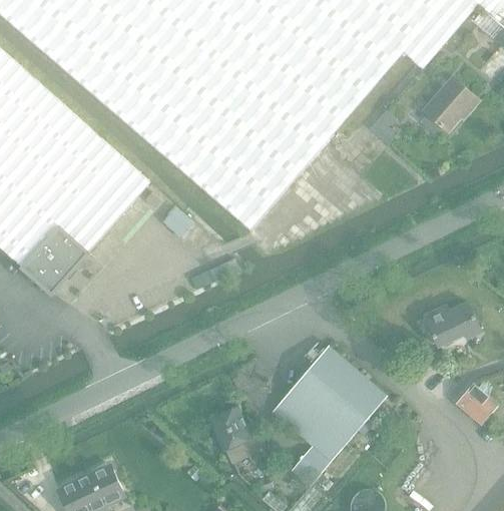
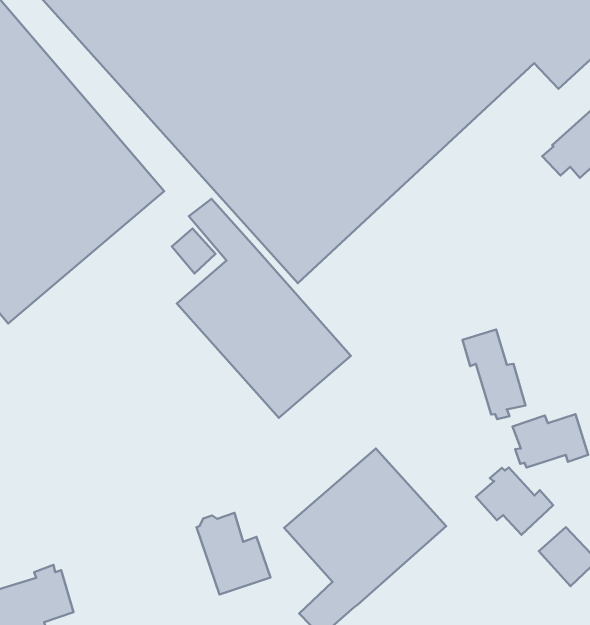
building: none -> [177,199,351,418]
building: none -> [463,329,526,419]
building: none -> [476,467,553,535]

